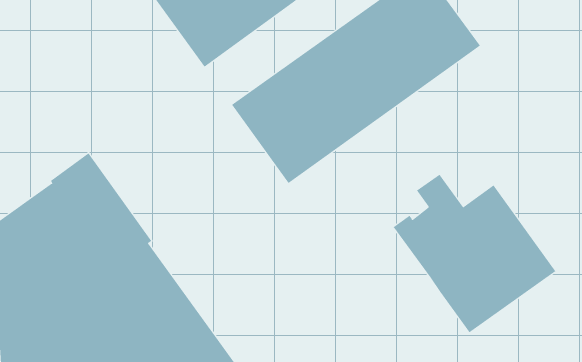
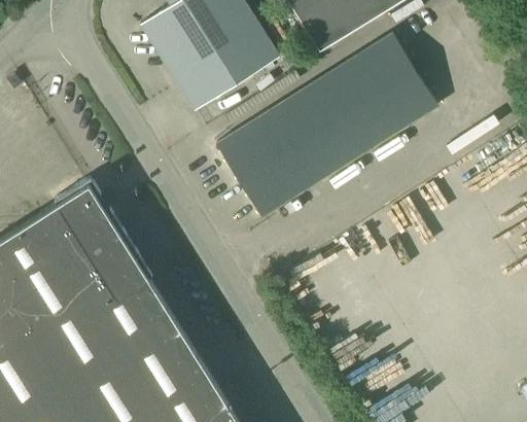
building: [393,174,556,333] -> none

